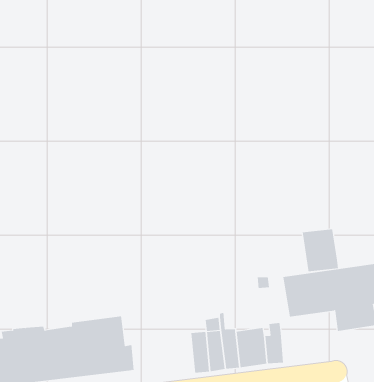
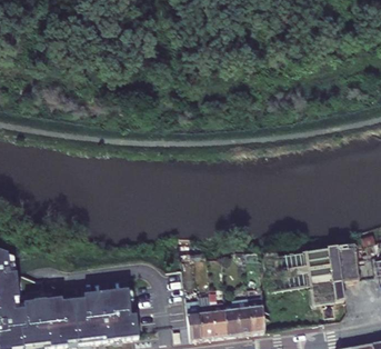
building: [302,229,338,272] -> none

